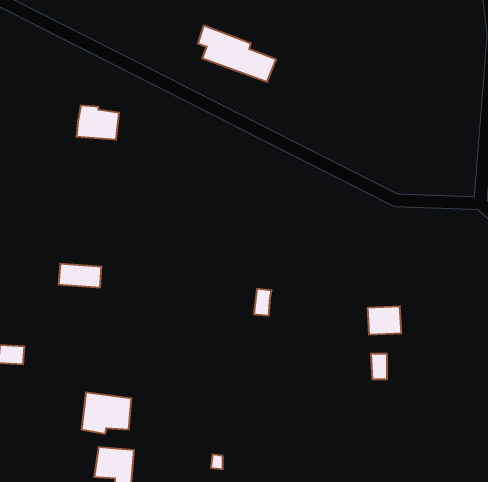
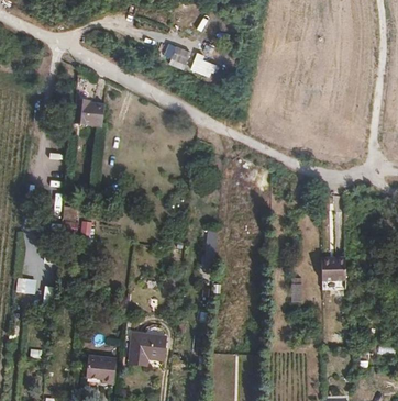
building: [367,306,401,335] -> [321,268,346,289]
building: [81,393,132,434] -> [128,333,165,364]

